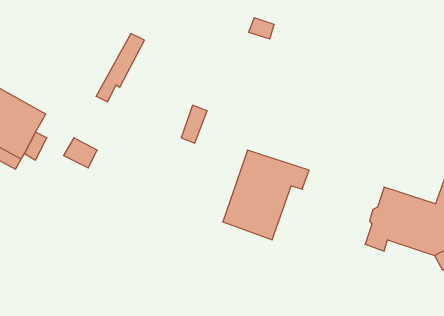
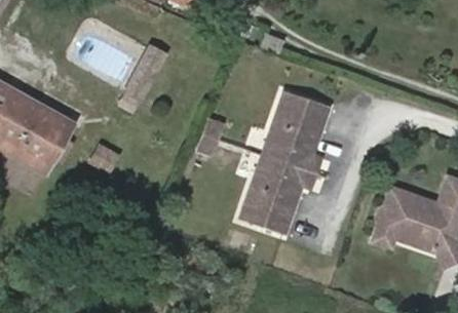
building: none -> [261,91,329,172]

